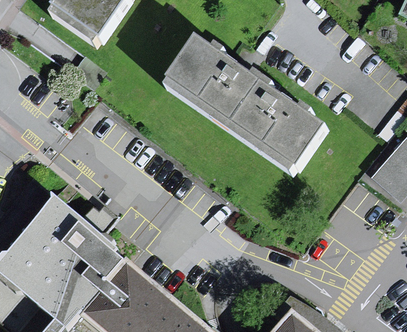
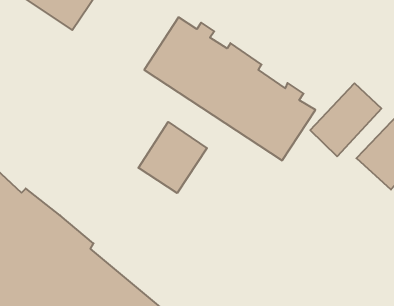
building: none -> [310,83,381,156]
building: none -> [138,122,207,193]

